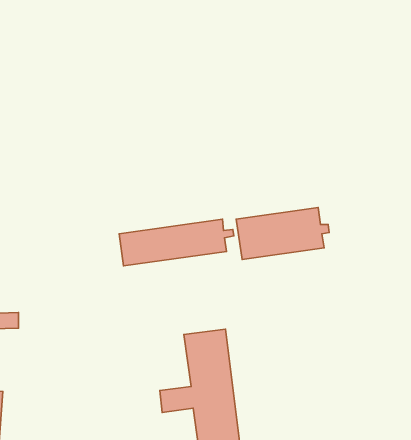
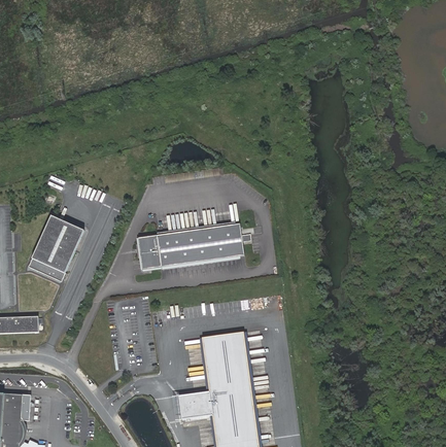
building: [236,208,329,259] -> none
building: none -> [28,215,84,281]

